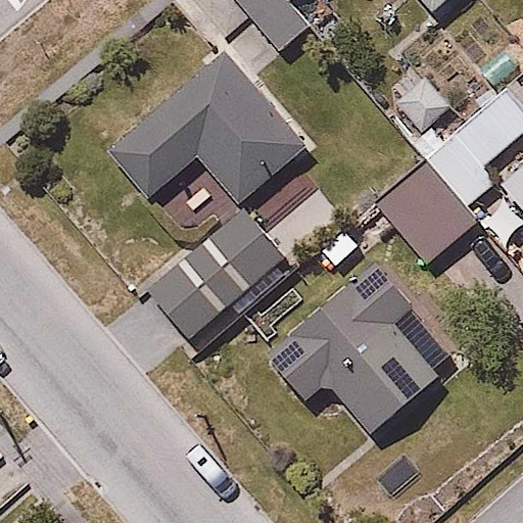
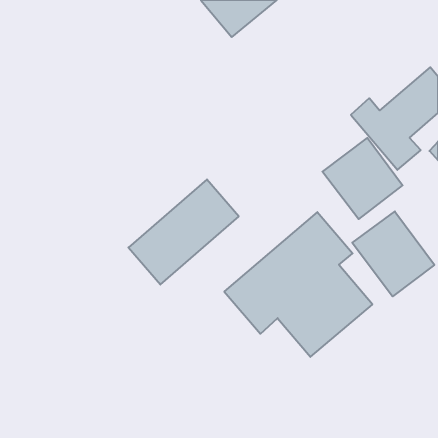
building: [109,55,302,202] -> none
building: none -> [352,211,434,296]

